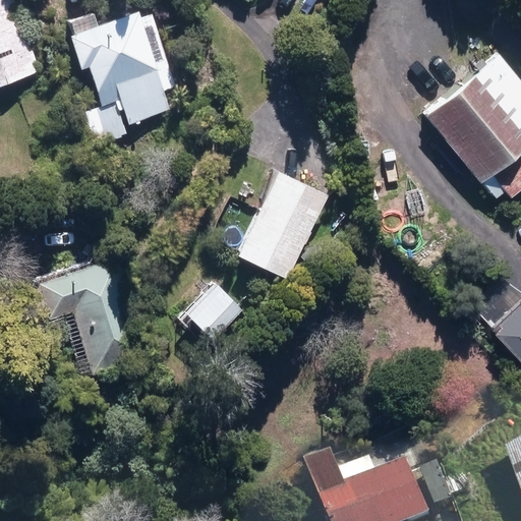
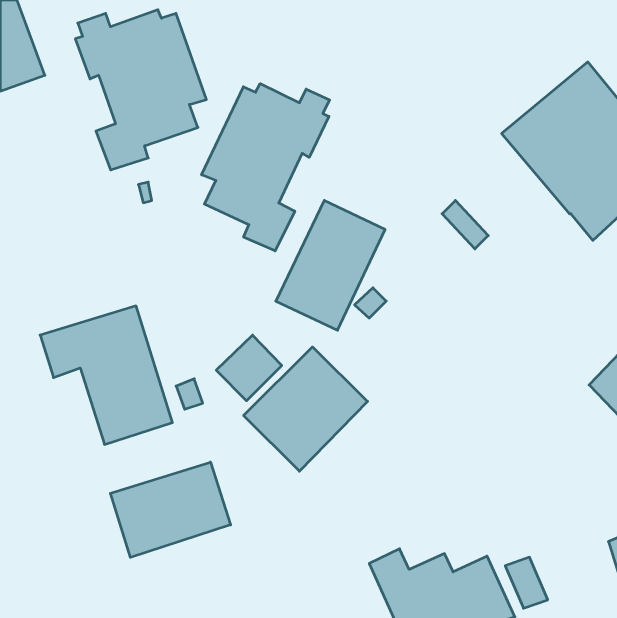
building: none -> [202,84,330,251]
building: none -> [244,347,368,471]
building: none -> [110,462,231,557]

